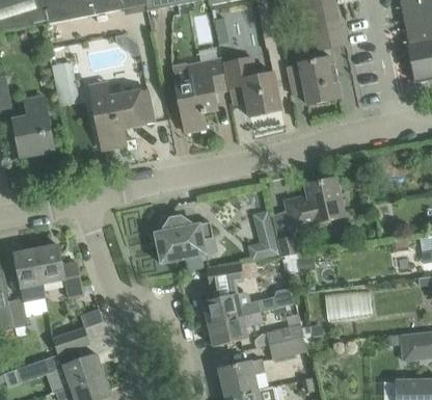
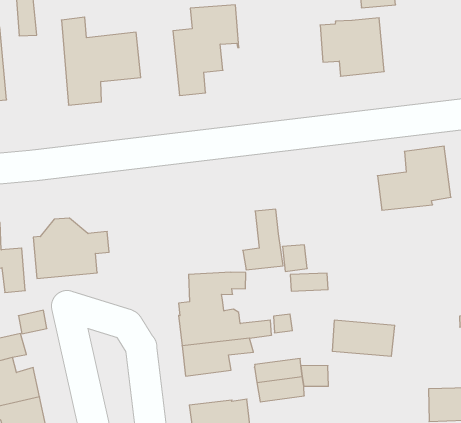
building: [224,56,281,116] -> none
building: [287,177,345,231] -> [377,146,451,210]
building: [155,214,214,263] -> [33,218,109,278]

